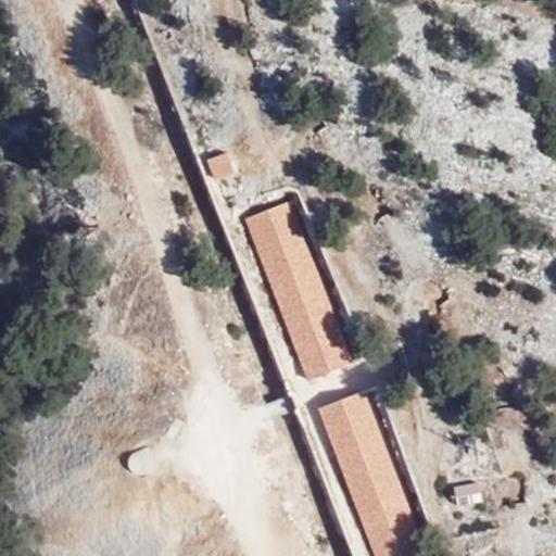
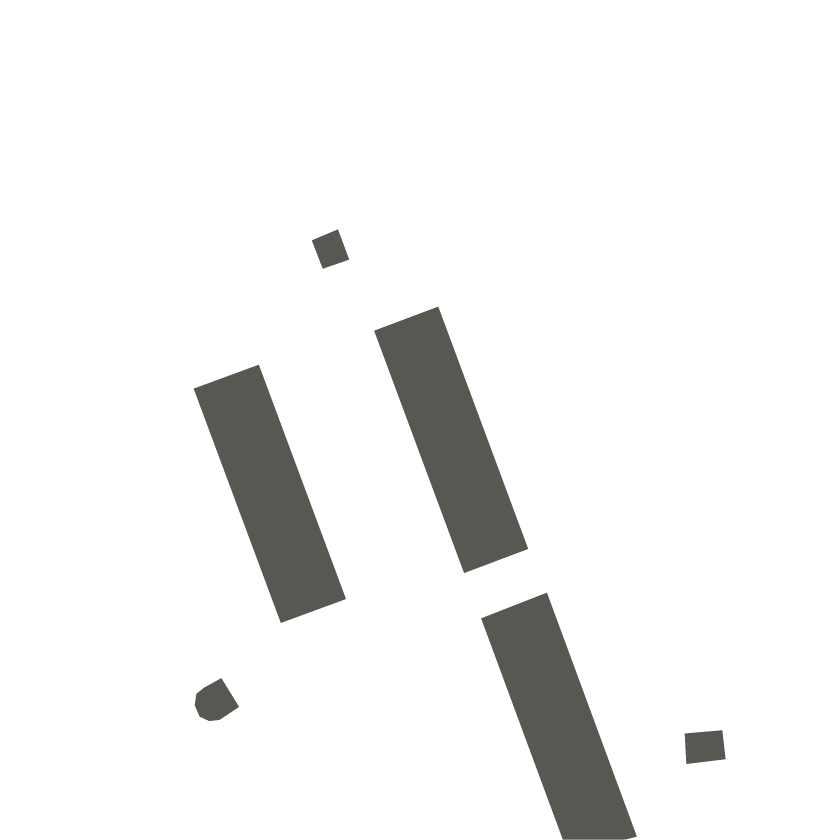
building: none -> [193,364,347,624]

